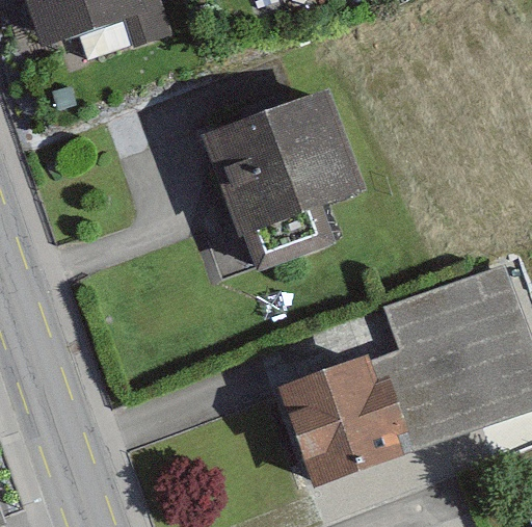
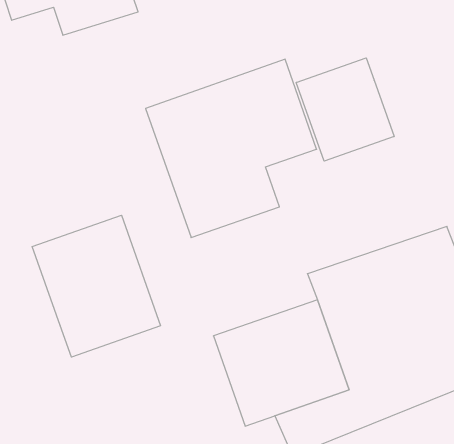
building: none -> [296,58,394,161]
building: none -> [32,215,161,357]

